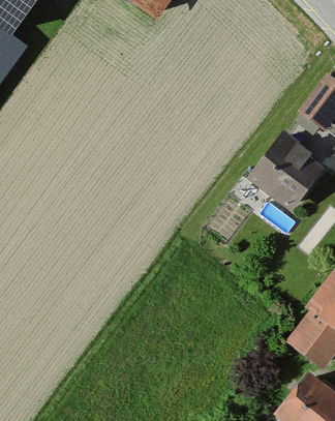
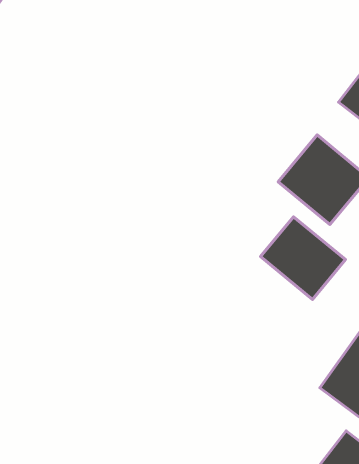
building: none -> [260,217,345,299]

